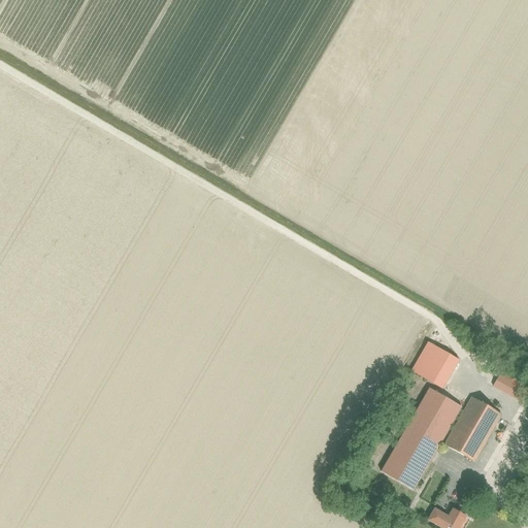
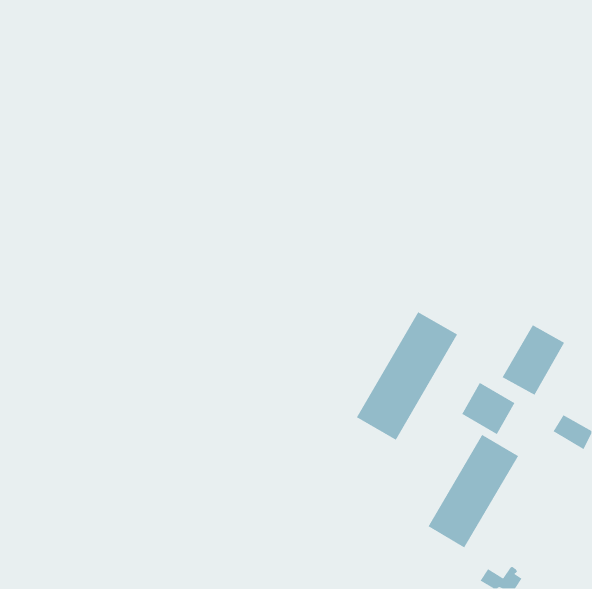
building: none -> [356,311,458,441]
building: [443,396,500,460] -> [501,324,565,396]

